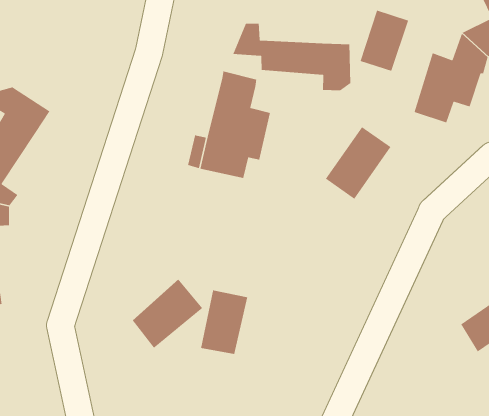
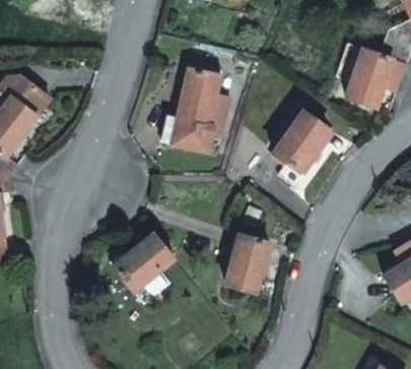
building: [359,9,409,72] -> none
building: [232,23,351,91] -> none
building: [200,290,248,355] -> [225,235,265,289]

